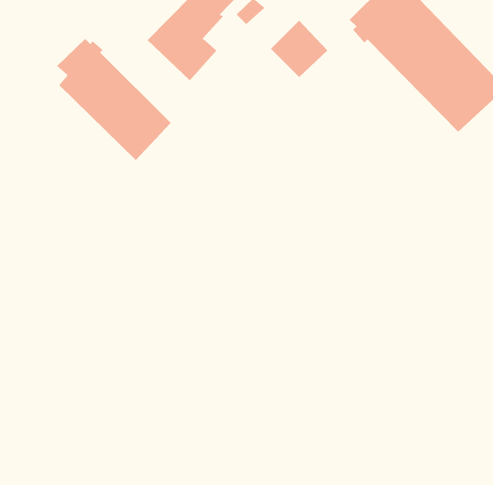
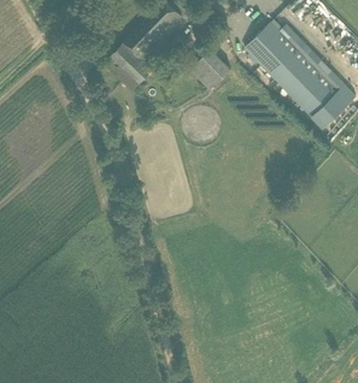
building: [56,38,171,161] -> none

